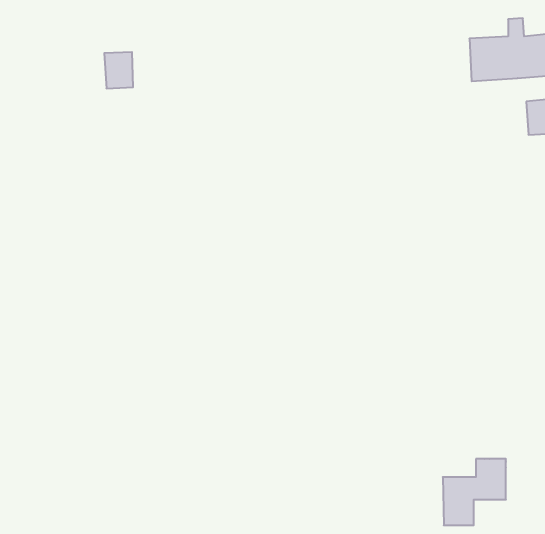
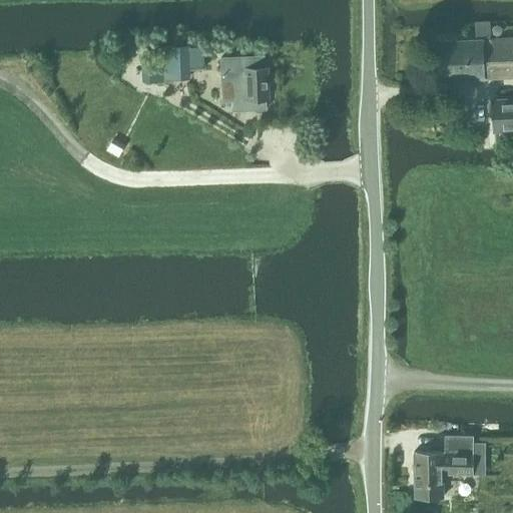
building: [104,52,133,88] -> [163,45,190,79]
building: none -> [221,57,270,111]

